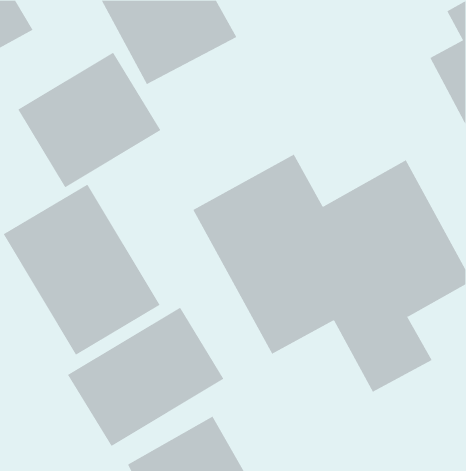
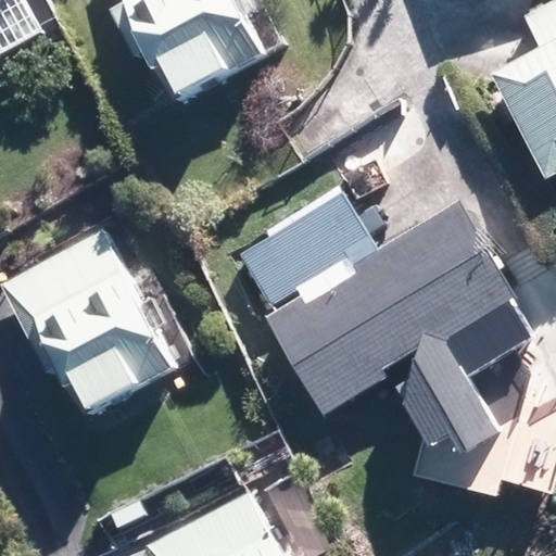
building: [18,52,161,188] -> none
building: [67,307,224,447] -> none

